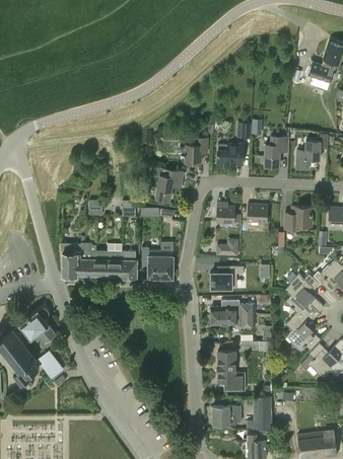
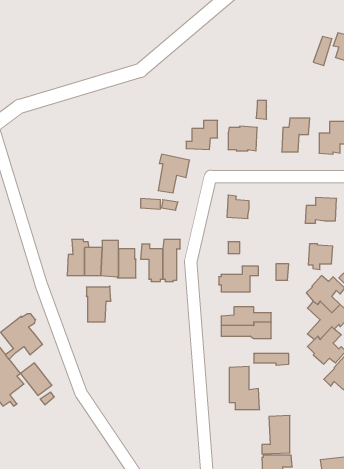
building: [247,204,268,226] -> [308,244,333,270]
building: [61,242,82,274] -> [86,286,111,322]
building: [212,406,242,425] -> none

